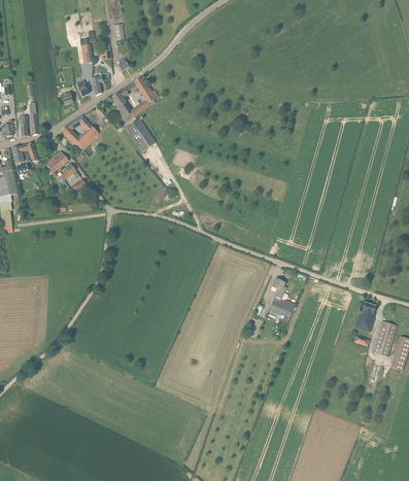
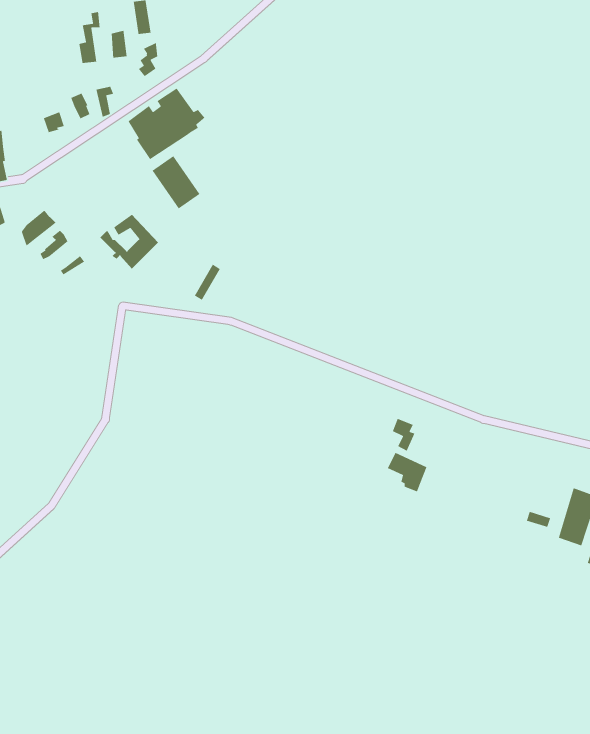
building: [62,115,98,149] -> [100,214,159,270]
building: [354,302,376,332] -> none

